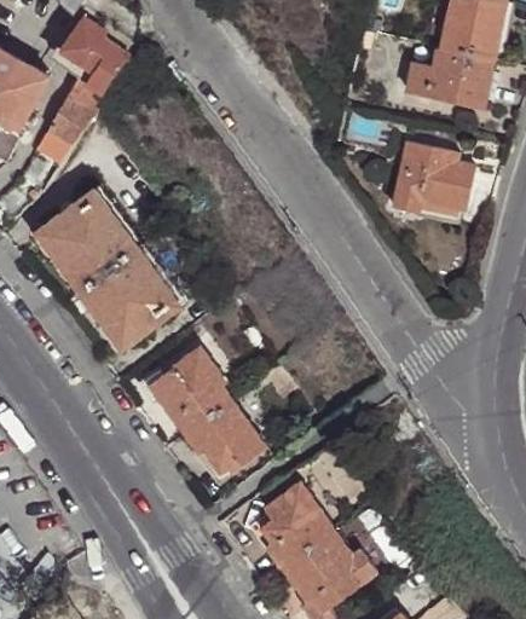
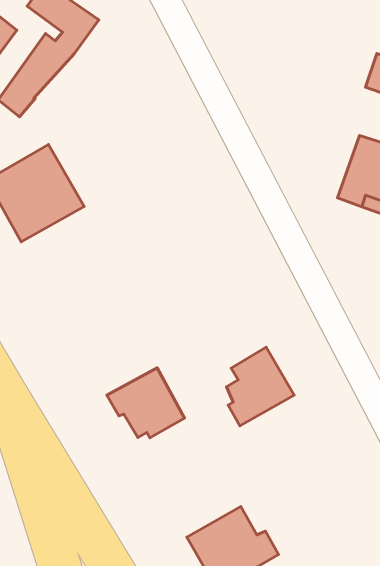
building: [79,245,180,347] -> none
building: [150,347,231,433] -> none
building: [264,484,333,566] -> [227,347,294,426]

